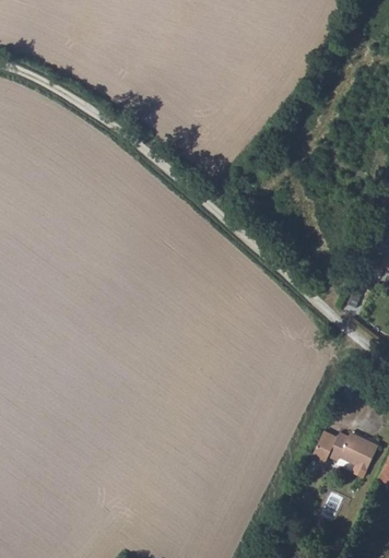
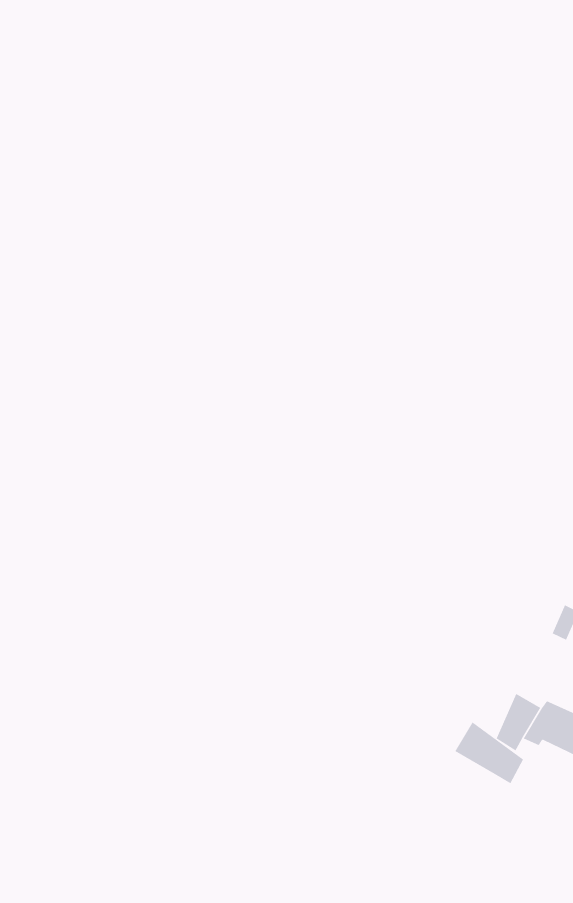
building: none -> [455,721,524,784]

